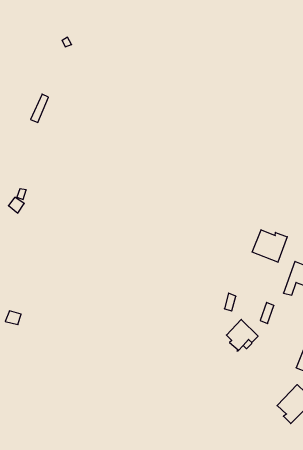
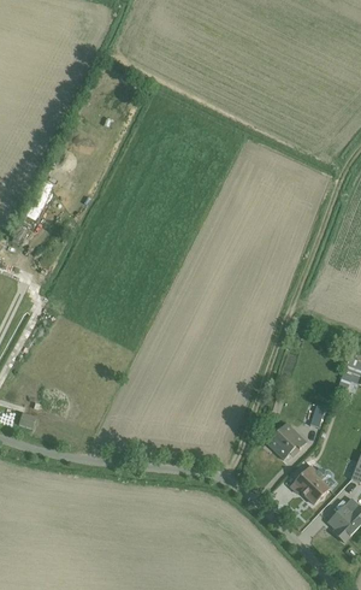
building: [252,230,287,262] -> none
building: none -> [289,465,333,503]

